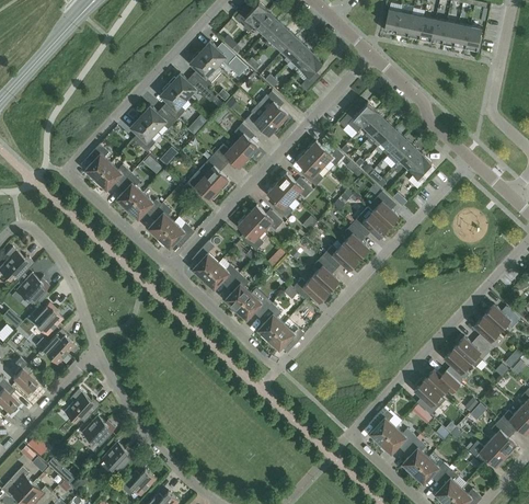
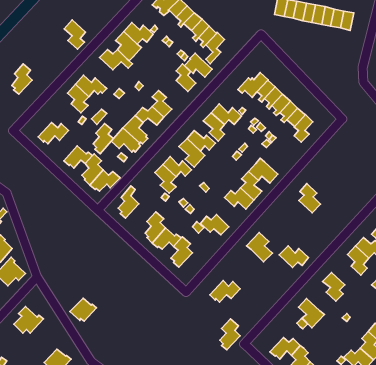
building: [160,83,186,119] -> [64,20,86,49]
building: [244,105,278,135] -> [184,53,212,77]
building: [85,144,111,181] -> [12,64,32,94]
building: [117,173,142,210] -> [93,123,114,154]
building: [372,191,399,227] -> [299,183,320,213]
building: [308,255,340,291] -> [247,232,273,262]
building: [202,257,239,289] -> none
building: [267,323,304,350] -> [210,281,240,302]
building: [455,336,491,367] -> none
building: [424,368,460,394] -> [279,246,309,267]
building: [370,406,395,445] -> [220,319,240,350]
building: [82,415,115,444] -> [70,298,97,321]

